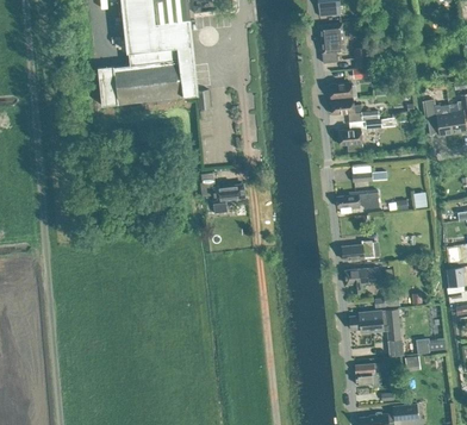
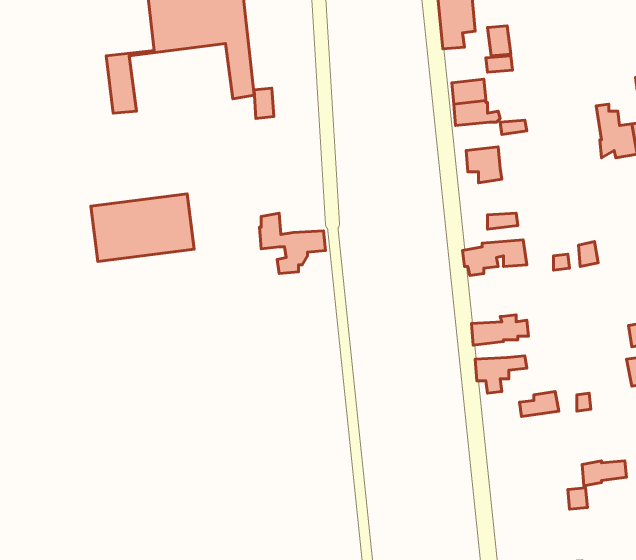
building: [113,60,182,105] -> [91,194,194,262]
building: [349,310,400,340] -> none
building: [355,363,386,387] -> none

